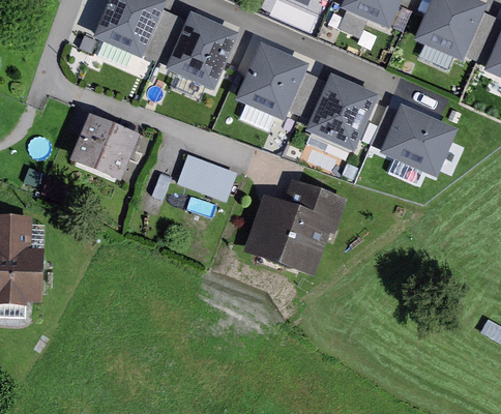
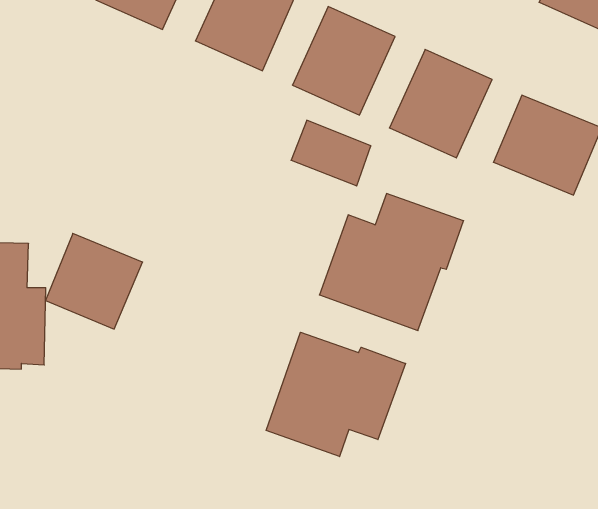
building: [81,113,151,182] -> [46,233,143,329]
building: [185,153,243,201] -> [291,120,371,186]
building: none -> [266,332,406,457]

